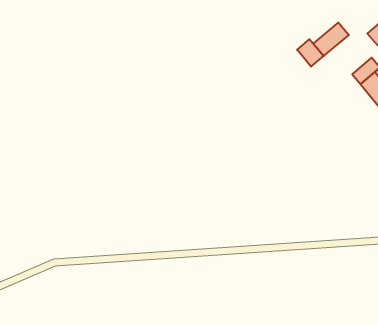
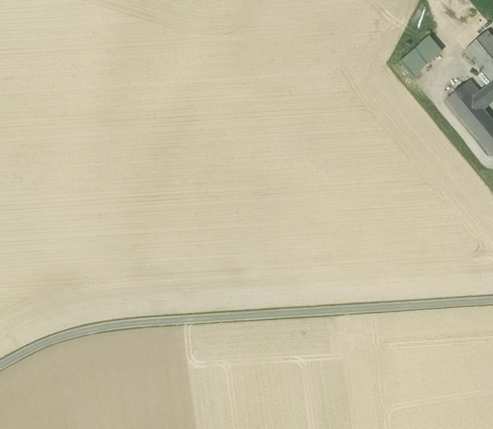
building: [297,39,323,67] -> none

